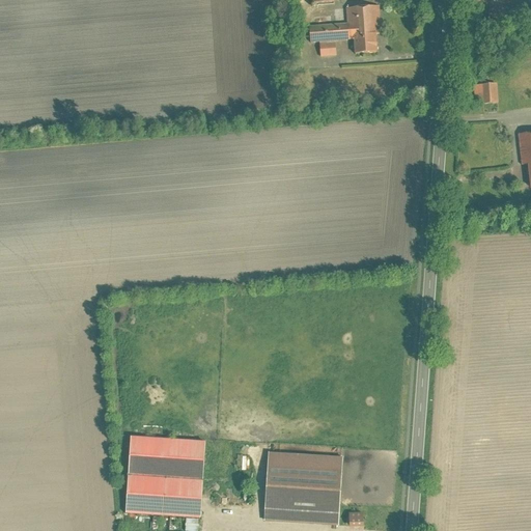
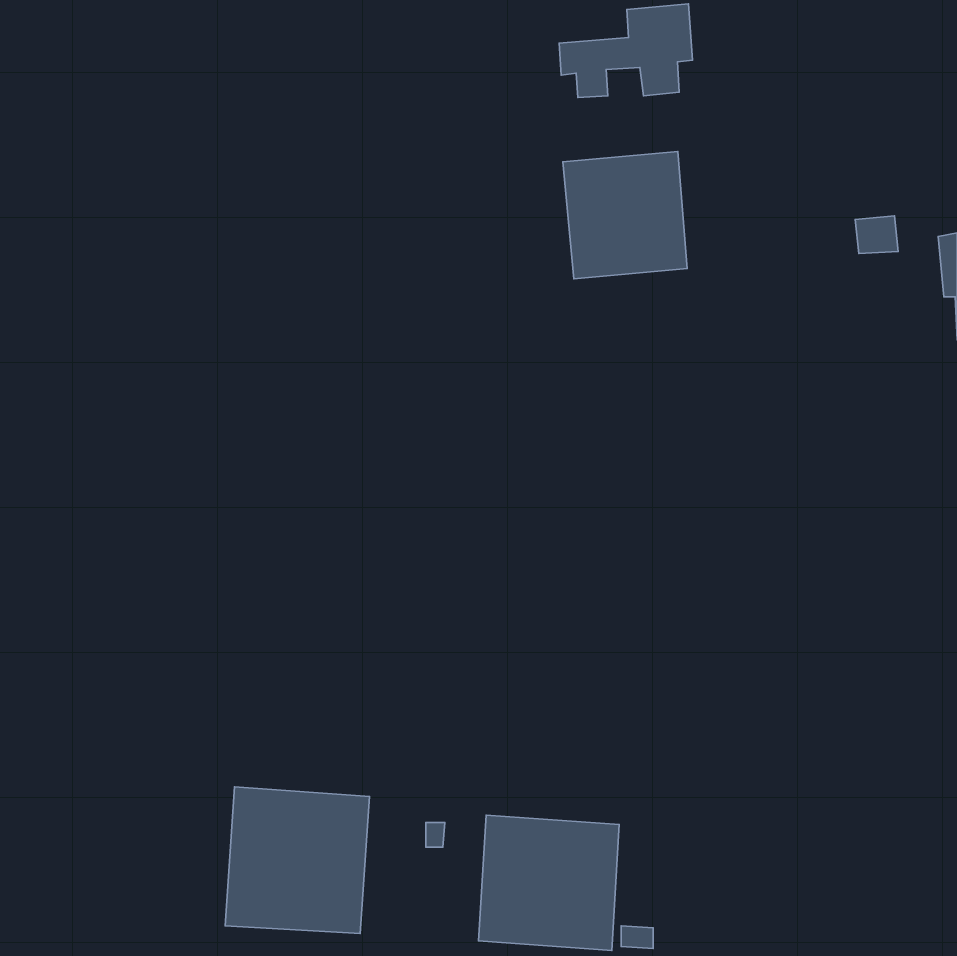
building: [475,81,499,102] -> [855,216,898,253]
building: none -> [563,151,687,279]

